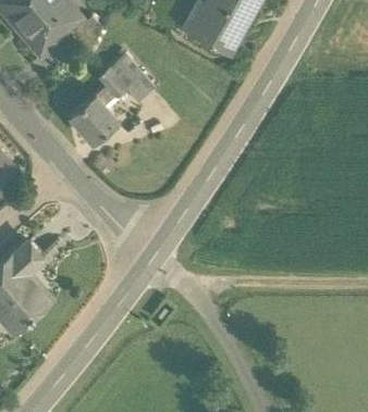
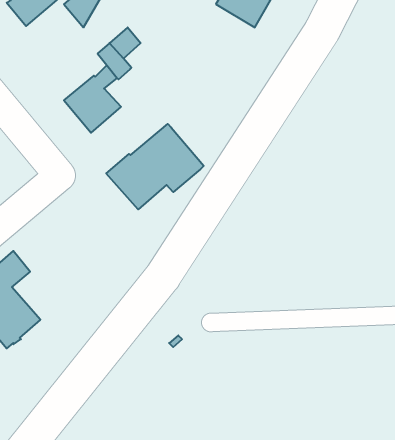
building: [118,70,150,105] -> none
building: none -> [106,124,204,209]

